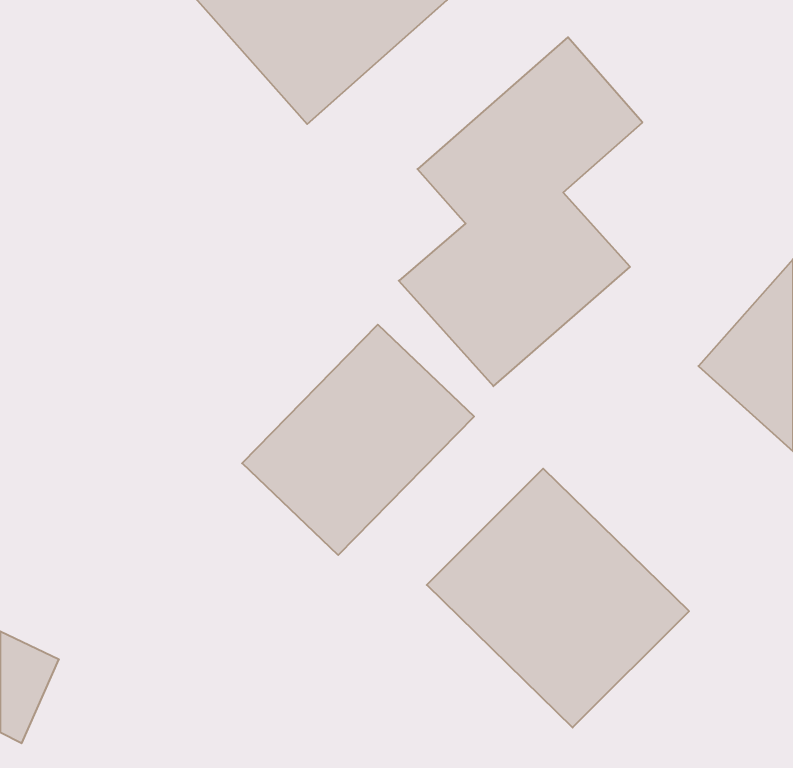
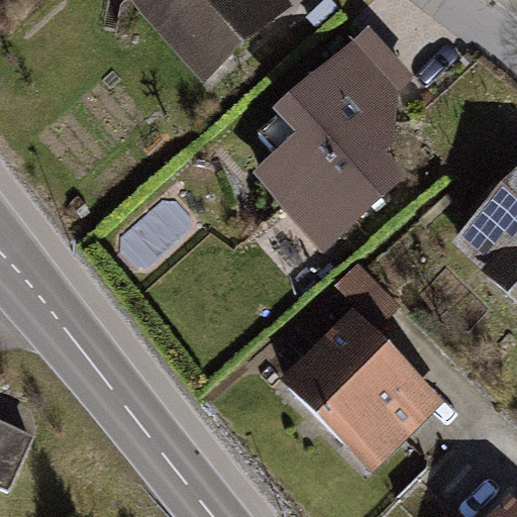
building: [242,325,474,555] -> none

